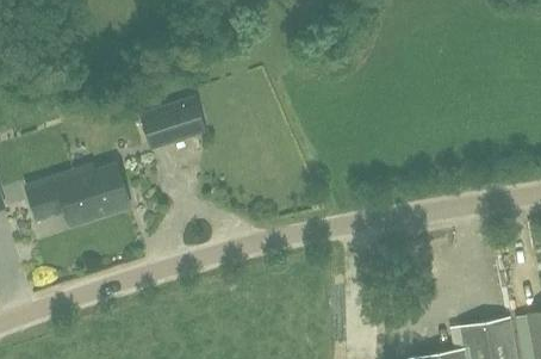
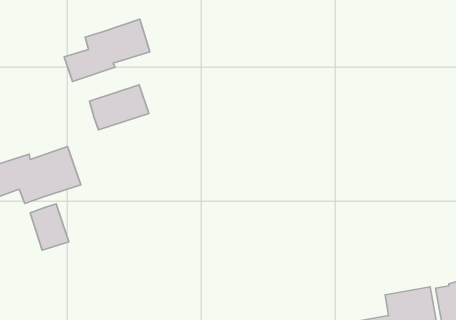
building: none -> [64,19,150,82]
building: none -> [30,204,69,250]

